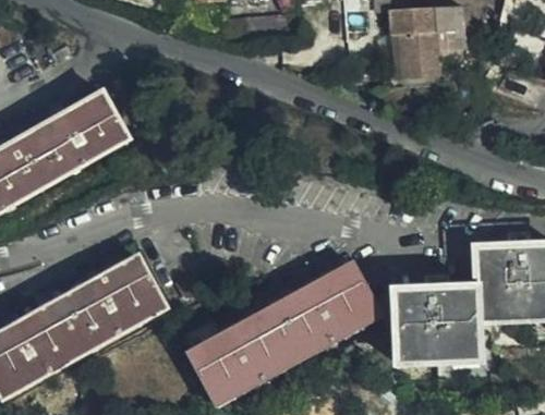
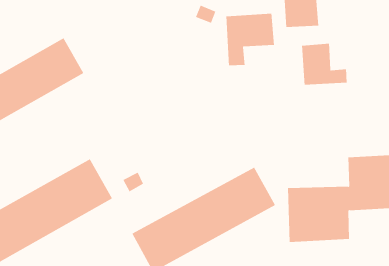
building: none -> [226,13,274,66]
building: none -> [302,43,347,85]

